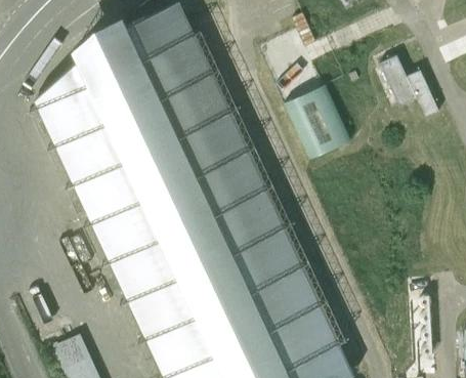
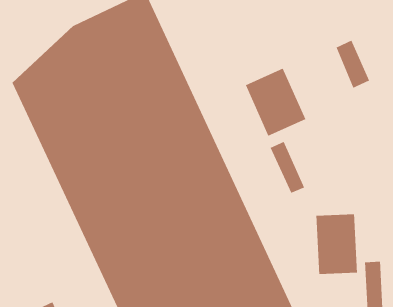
building: none -> [269,141,305,194]
building: none -> [315,214,358,275]

